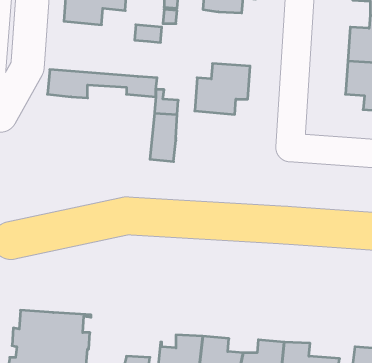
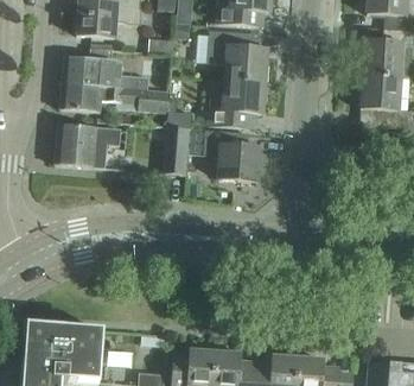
building: none -> [208,30,266,80]
building: none -> [62,48,147,89]
building: none -> [56,125,120,169]
building: none -> [203,129,259,182]

